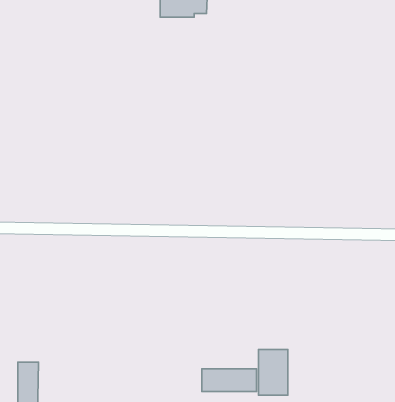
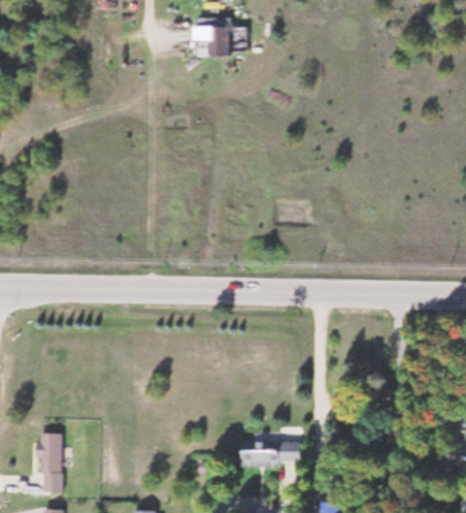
building: [259,350,288,395] -> none

